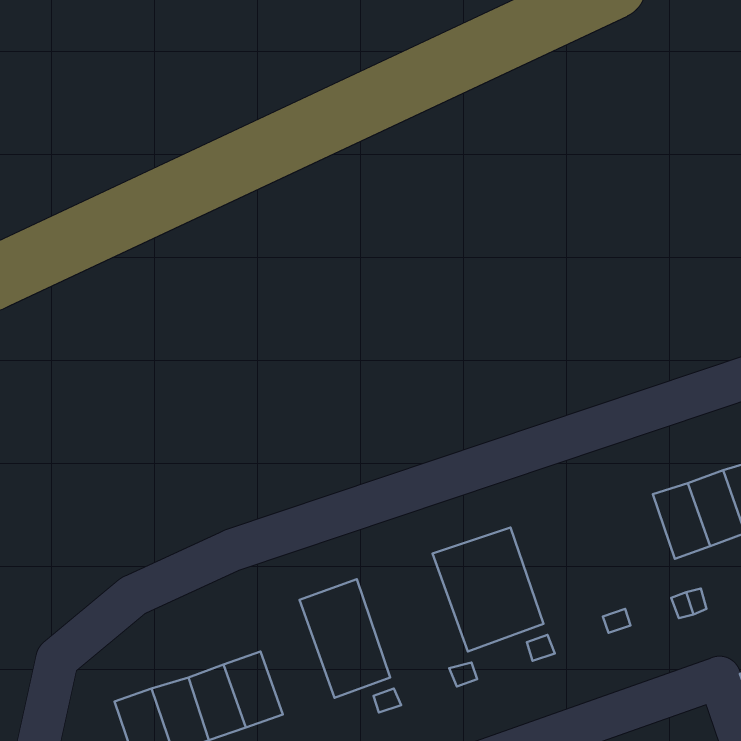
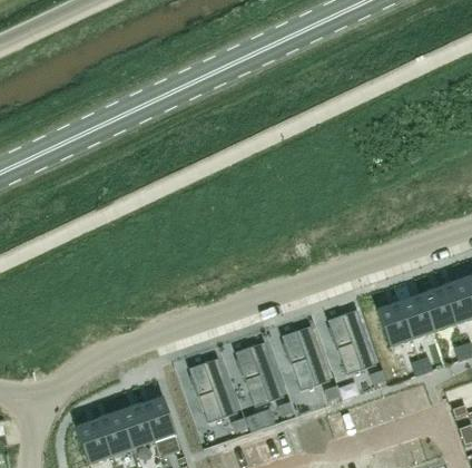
building: none -> [377,301,413,348]
building: none -> [314,306,376,379]
building: none -> [222,337,288,411]

